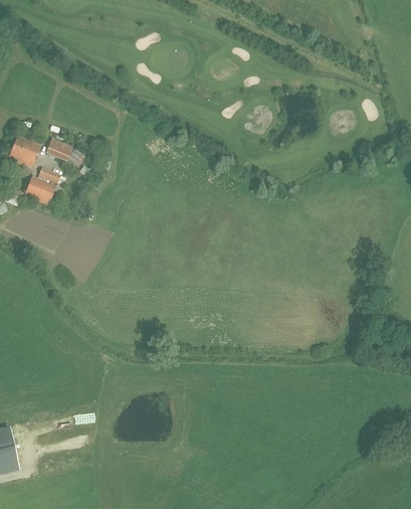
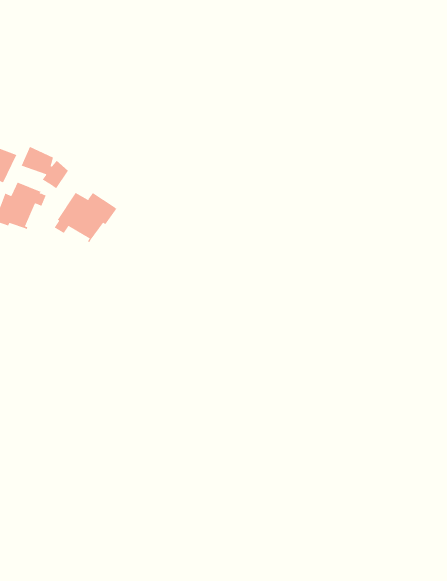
building: none -> [54,192,117,243]

